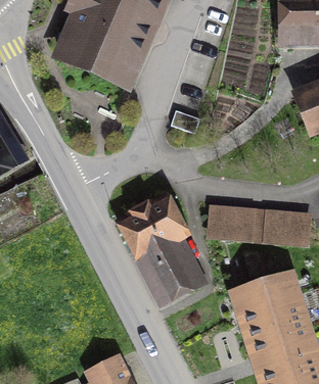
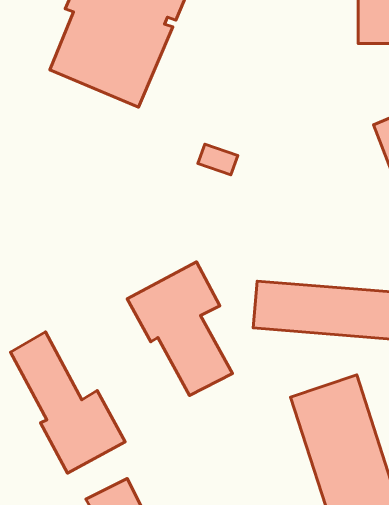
building: none -> [10,332,125,473]

